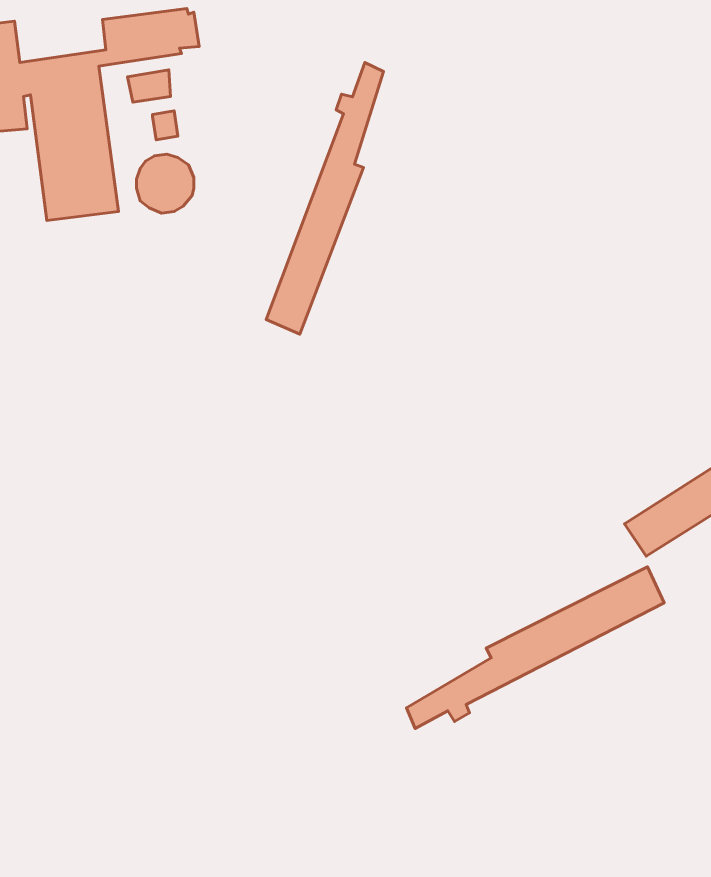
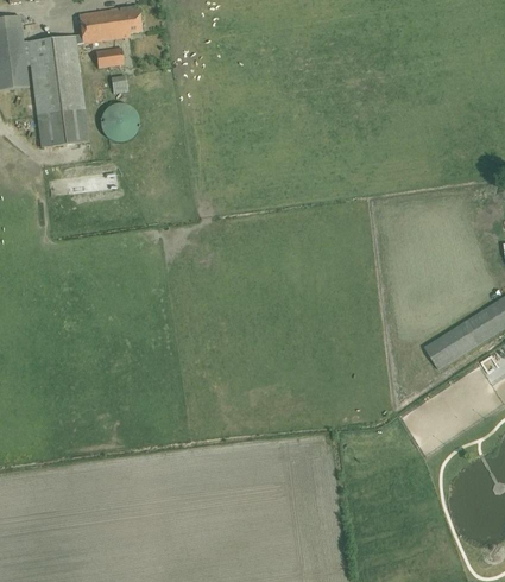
building: [266,63,383,334] -> none
building: [406,567,664,728] -> none

